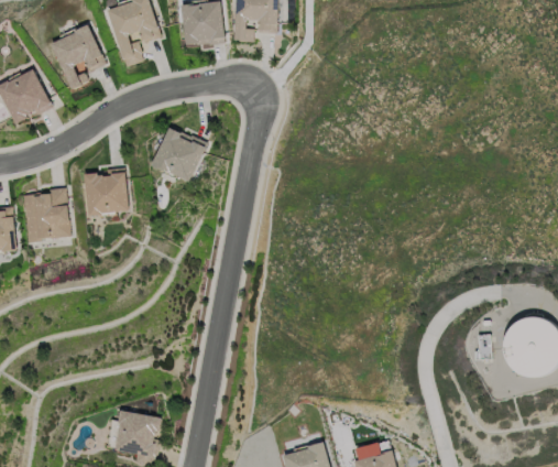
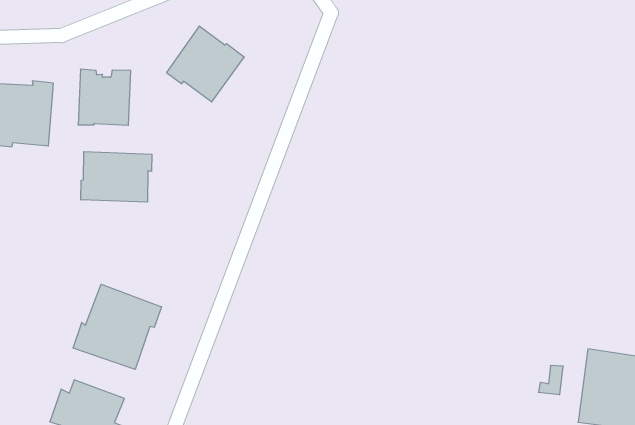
building: none -> [81,152,152,202]
building: none -> [73,284,161,369]

